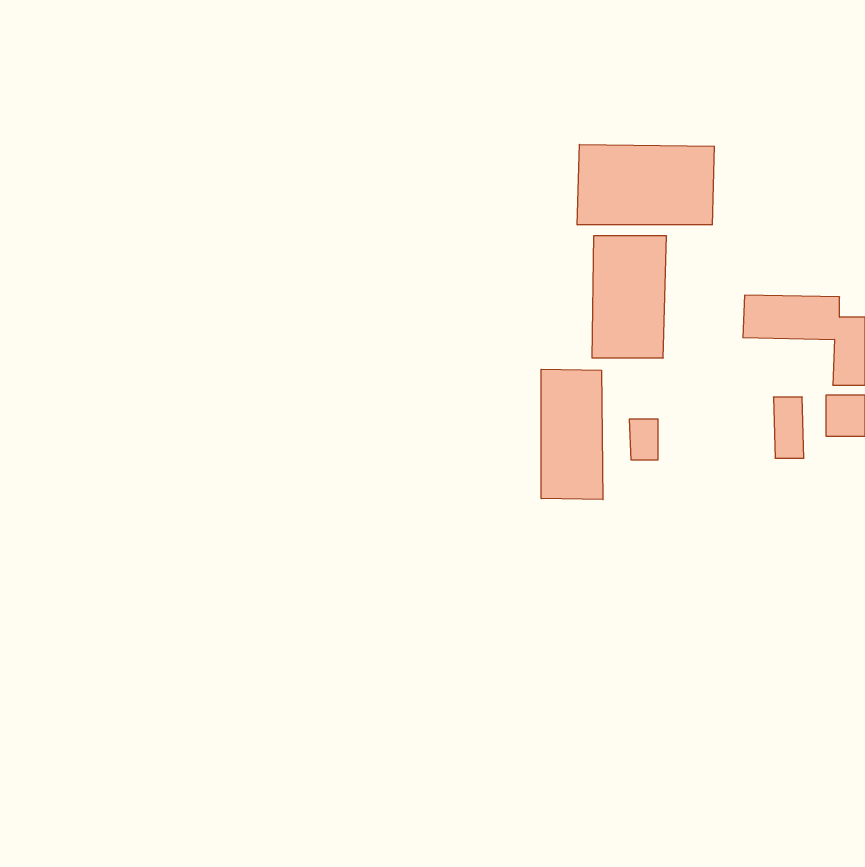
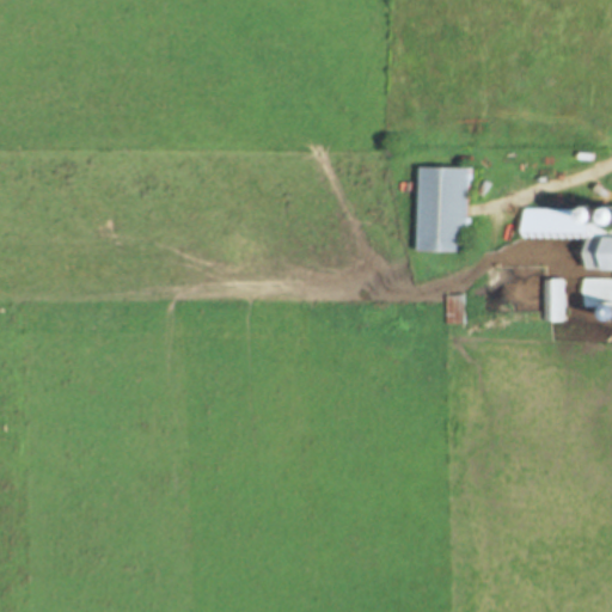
building: [577,144,714,225] -> none
building: [541,369,603,500] -> none

